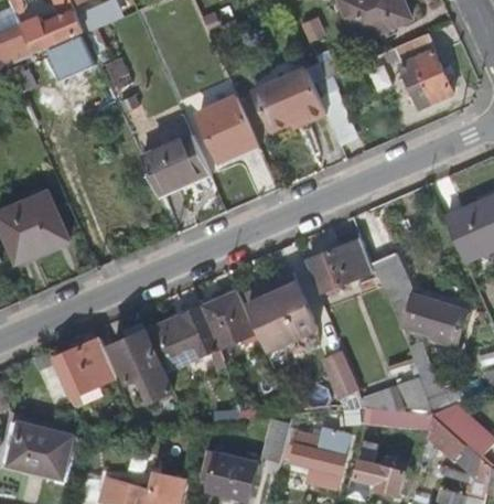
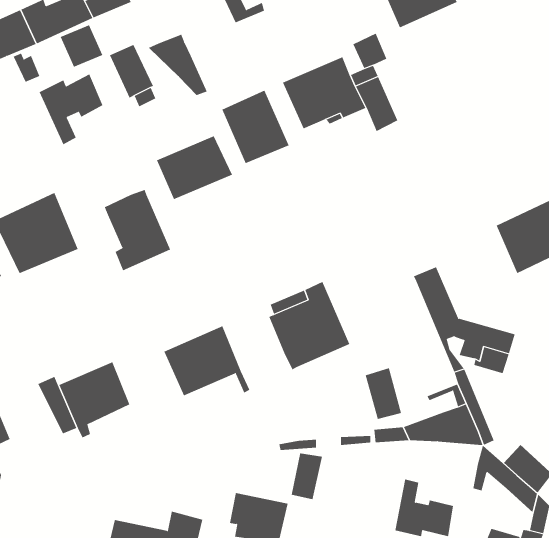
building: [396,33,452,100] -> none
building: none -> [148,34,208,96]
building: none -> [39,74,103,145]
building: none -> [104,189,171,271]
building: [305,235,372,289] -> none
building: [200,291,254,347] -> none
building: [112,321,173,399] -> none
building: [11,422,74,476] -> none
building: [291,422,348,478] -> none

